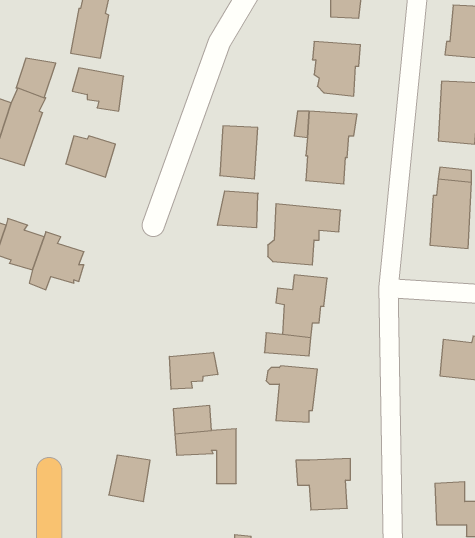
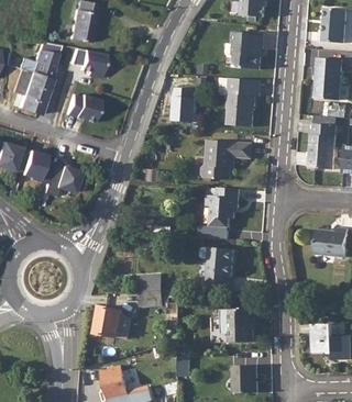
building: [217,191,258,228] -> none
building: [169,352,218,389] -> none

